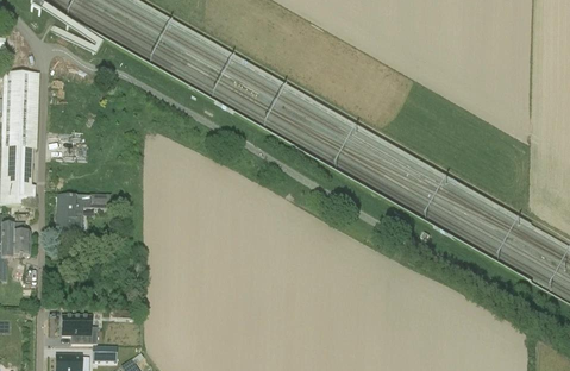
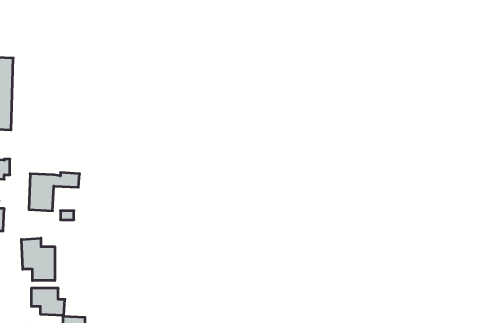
building: none -> [21,238,55,281]

